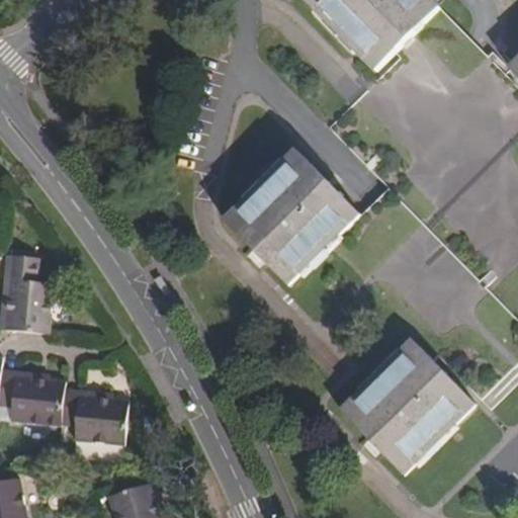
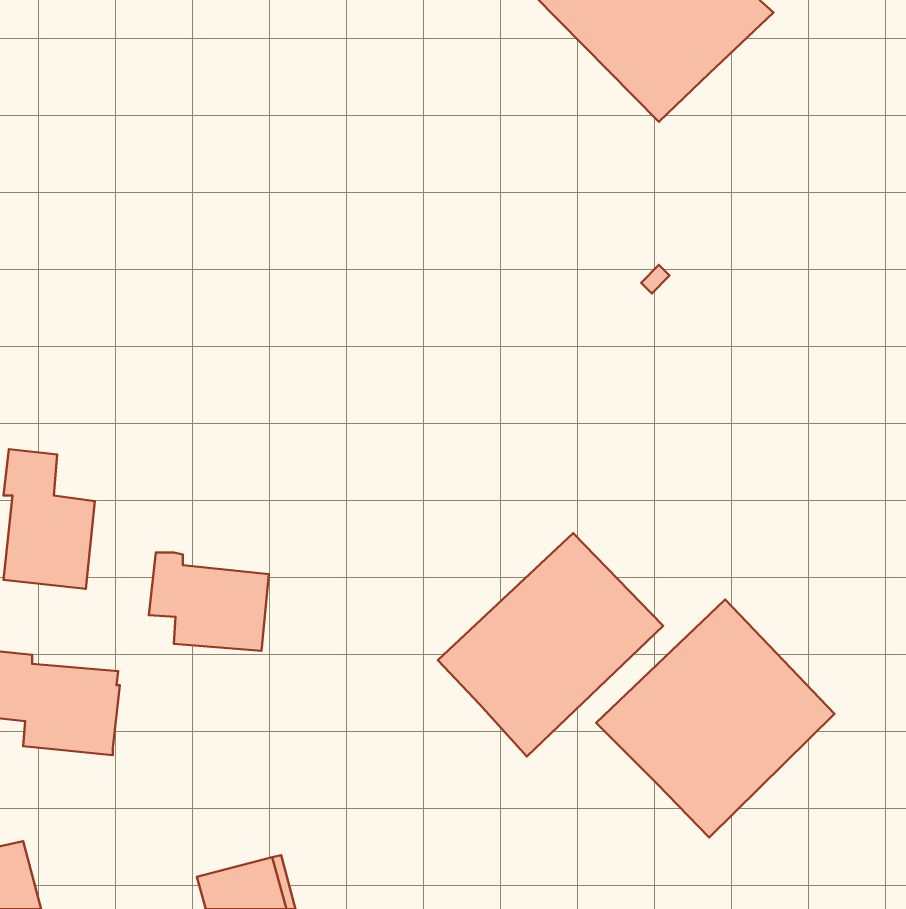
building: [227,153,356,282] -> none
building: none -> [438,533,663,756]
building: [64,387,132,443] -> [149,553,269,651]

